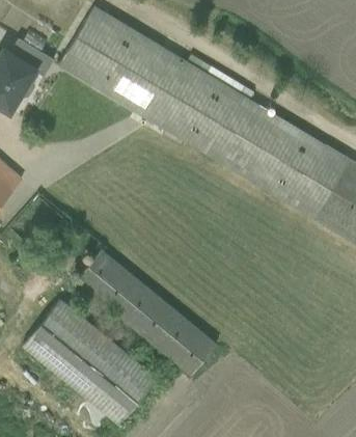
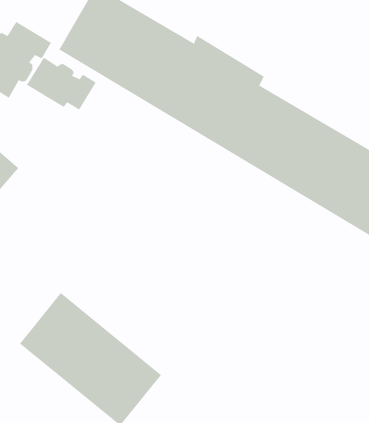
building: none -> [26,57,97,110]
building: [75,250,218,377] -> none

